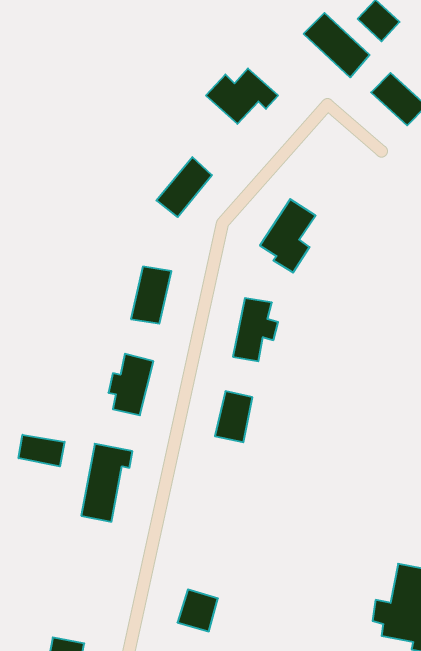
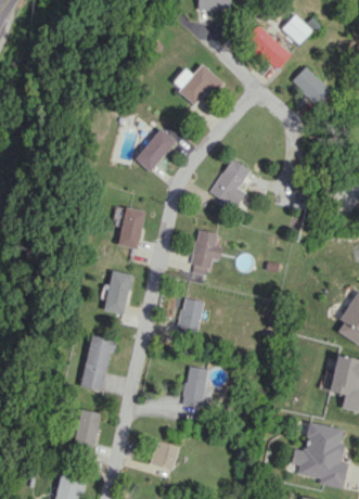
building: [19,435,65,466] -> none
building: none -> [183,366,213,408]
building: none -> [75,410,101,449]

